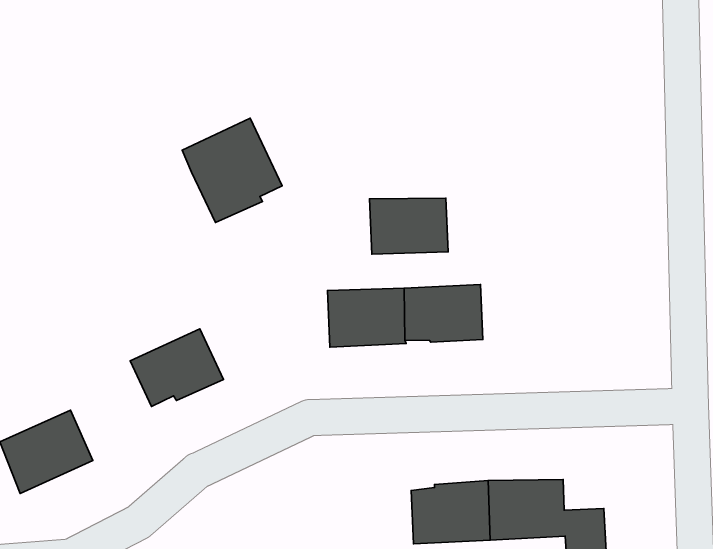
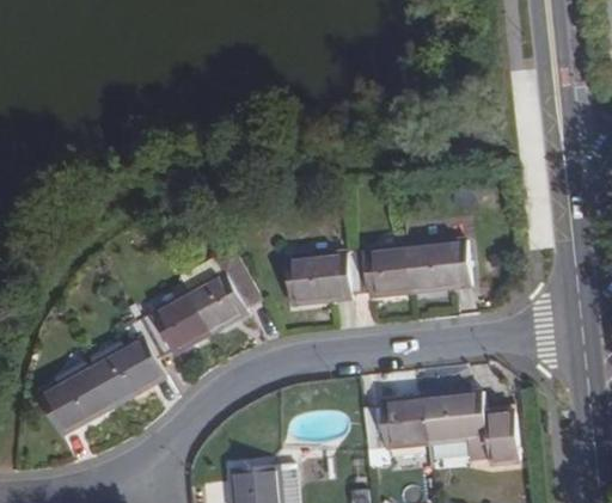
building: [182,118,282,223] -> [183,250,263,333]
building: [369,198,448,254] -> [409,240,473,288]
building: none -> [94,324,158,404]

